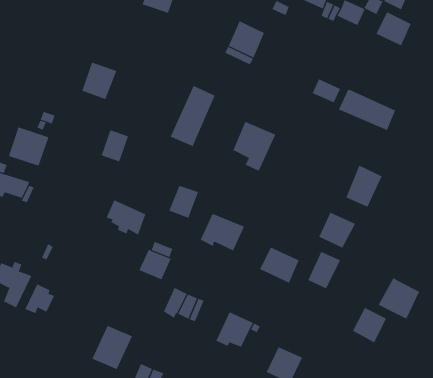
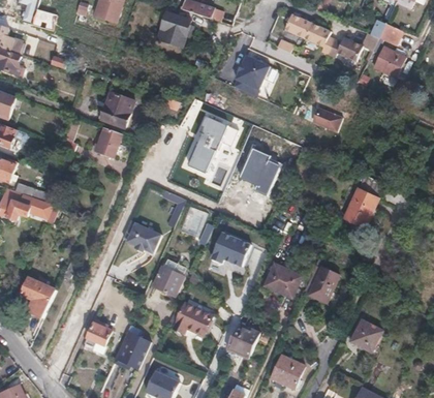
building: [338,89,396,131] -> none
building: [8,127,49,166] -> none
building: [101,130,129,162] -> [95,127,121,157]
building: [318,212,356,249] -> none
building: [378,277,420,319] -> none
building: [25,284,55,314] -> [84,319,112,347]

